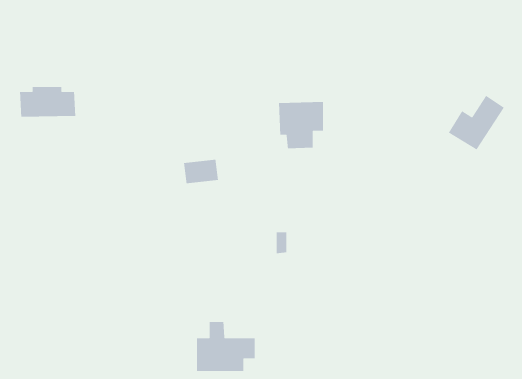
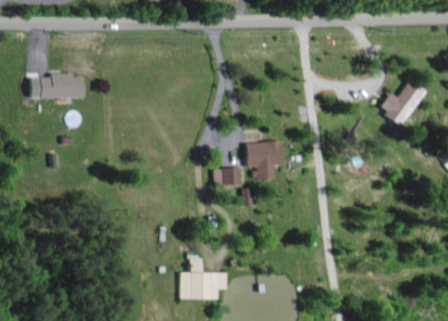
building: [278,101,324,149] -> [246,141,282,179]
building: [183,159,219,184] -> [214,166,242,186]

